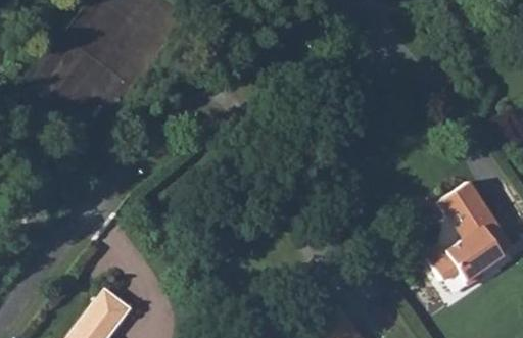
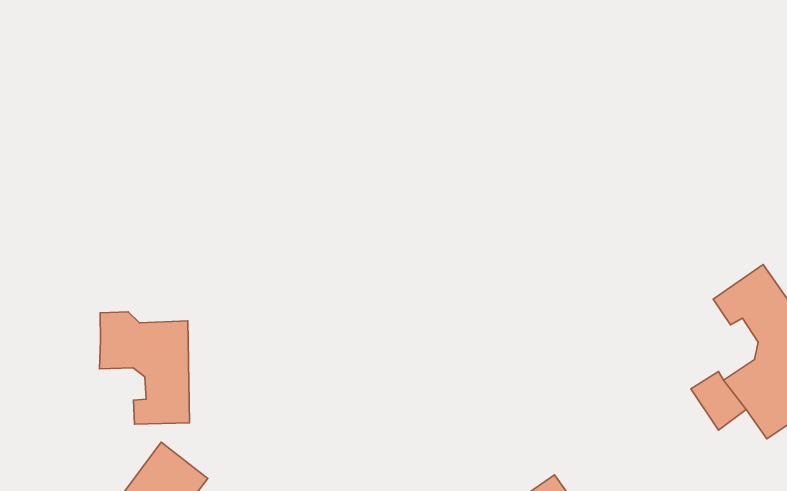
building: none -> [99,312,189,424]

